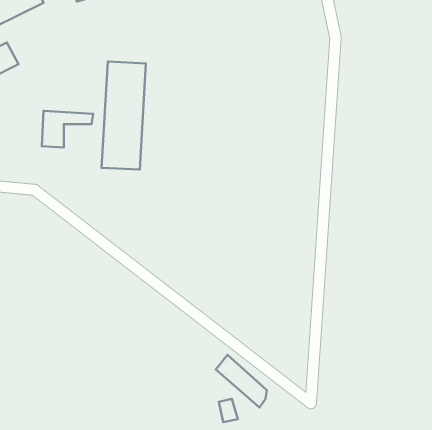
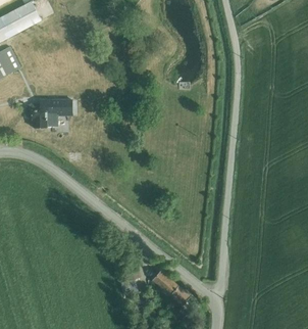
building: [101,62,146,170] -> none

